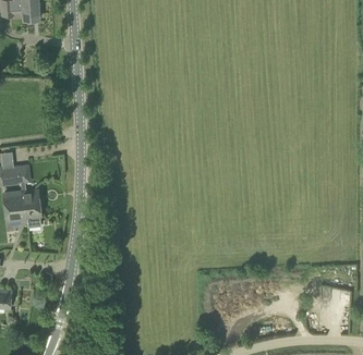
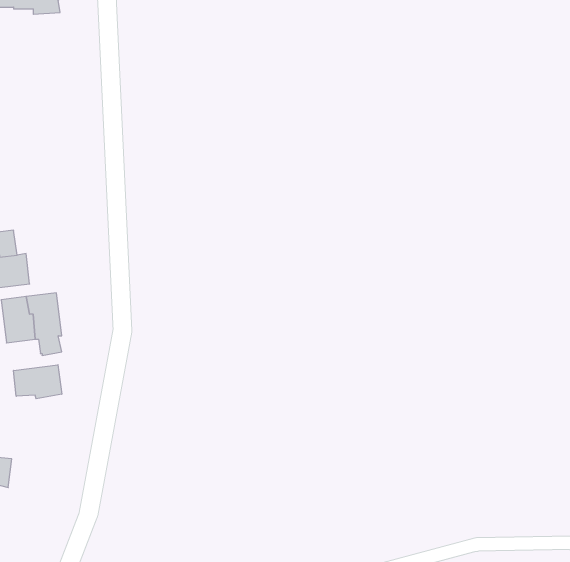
building: none -> [14,365,62,399]

